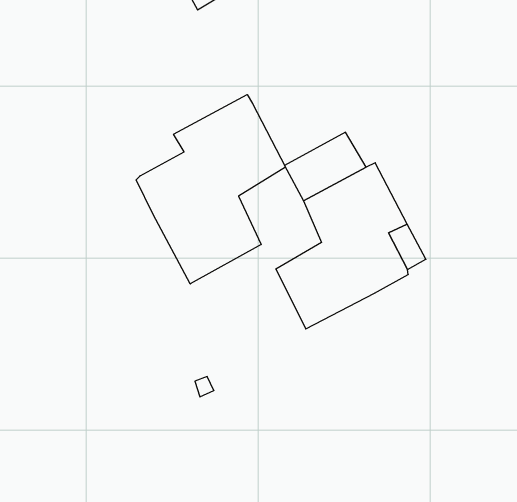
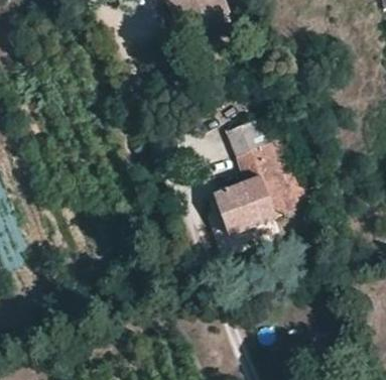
building: [136,95,285,284] -> none

